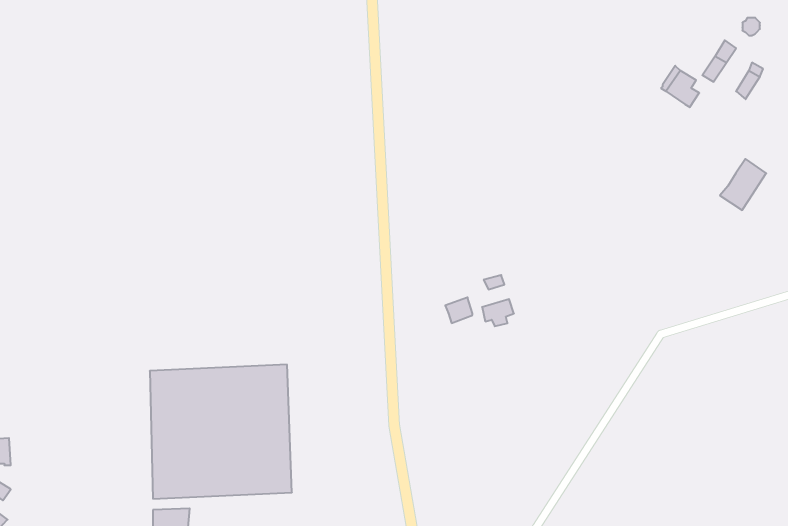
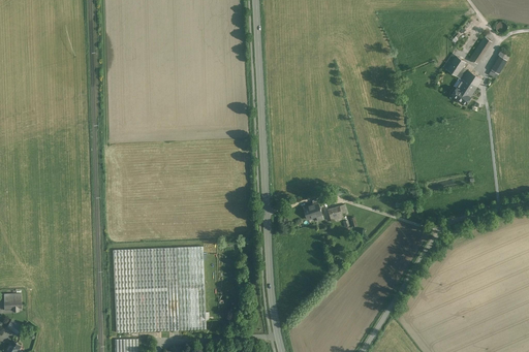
building: [720,159,766,210] -> [452,70,481,103]

